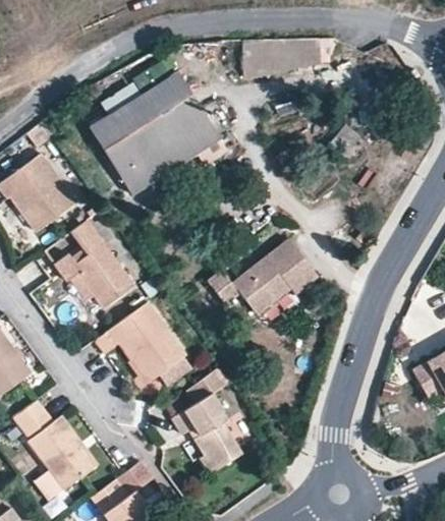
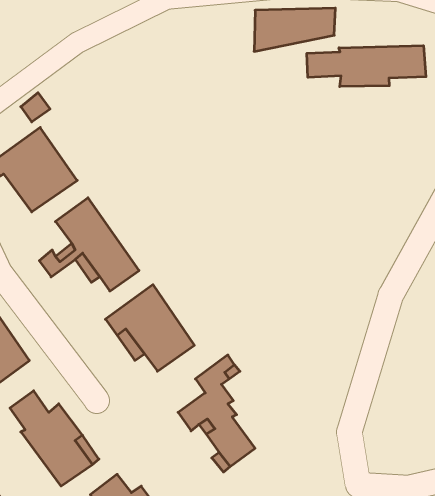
building: [89,73,218,195] -> none
building: none -> [307,46,426,87]
building: [205,235,317,311] -> none

